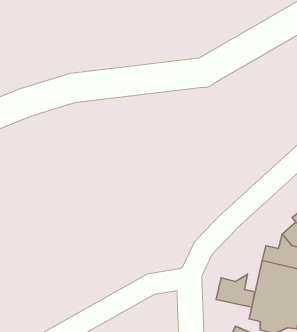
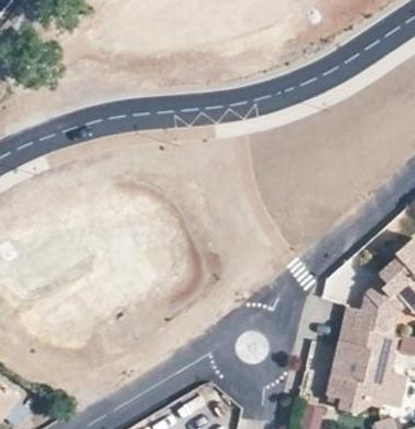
building: [216,274,255,307] -> none

